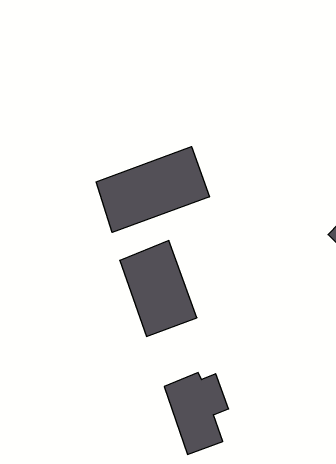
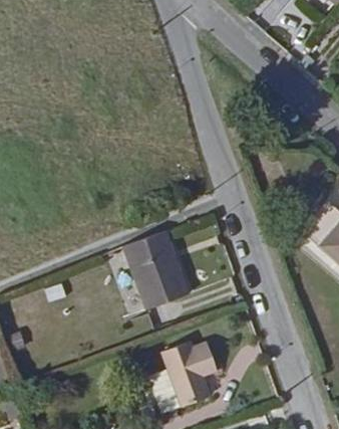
building: [96,147,209,232] -> none

